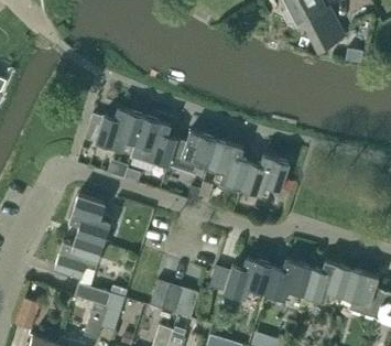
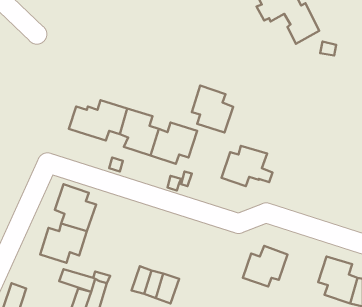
building: [209,140,252,188] -> [192,86,233,132]
building: [210,258,274,301] -> none
building: [303,261,352,303] -> none

